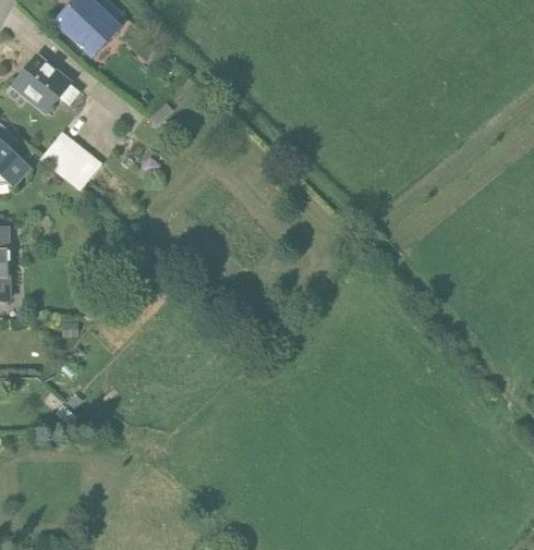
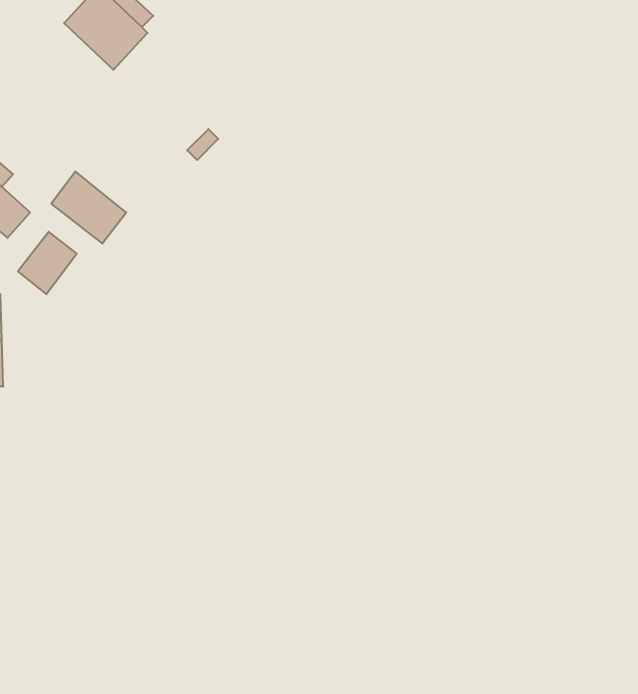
building: [11,53,69,110] -> none
building: none -> [18,232,77,294]

